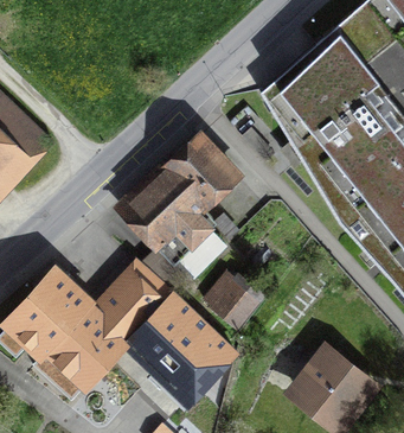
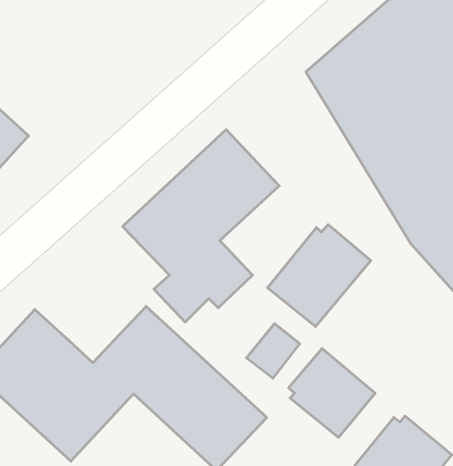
building: none -> [268,225,371,327]
building: none -> [289,348,375,437]

